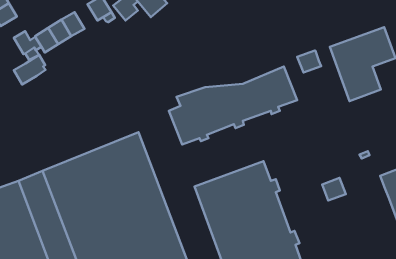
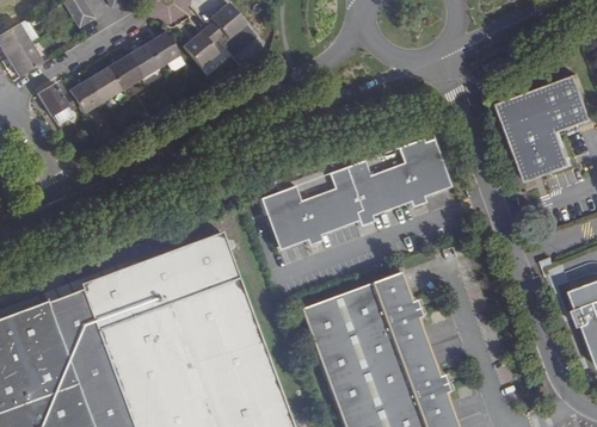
building: none -> [125,44,159,80]
building: [297,50,321,73] -> none
building: [14,55,45,85] -> none
building: [322,178,346,201] -> none

